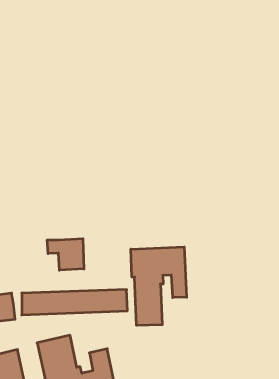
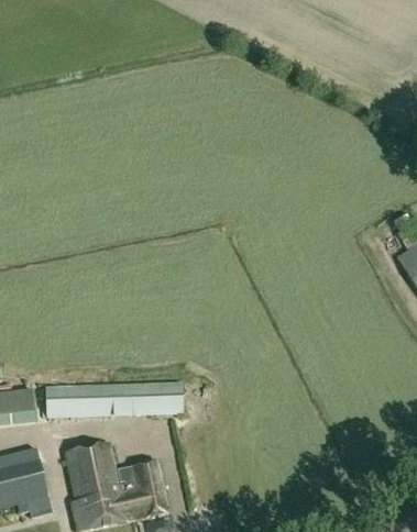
building: [47,239,84,270] -> none
building: [131,247,187,325] -> none

